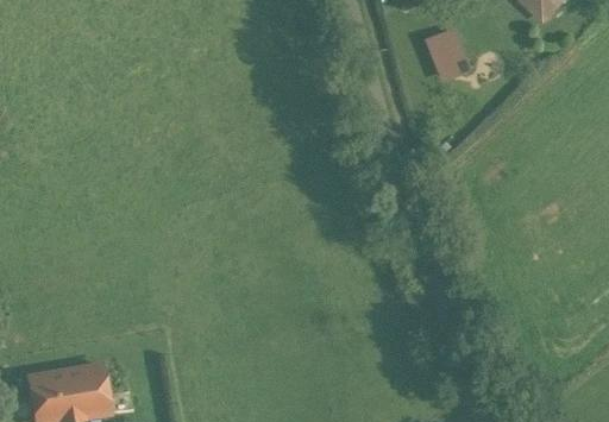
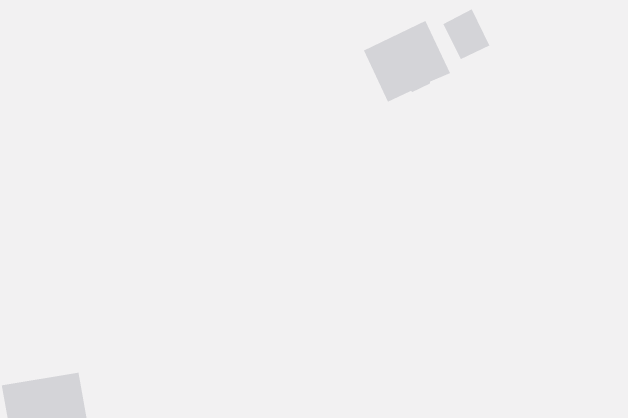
building: none -> [363,20,451,103]

